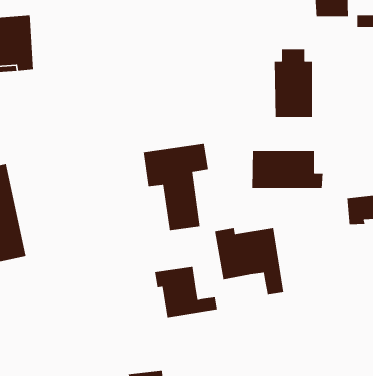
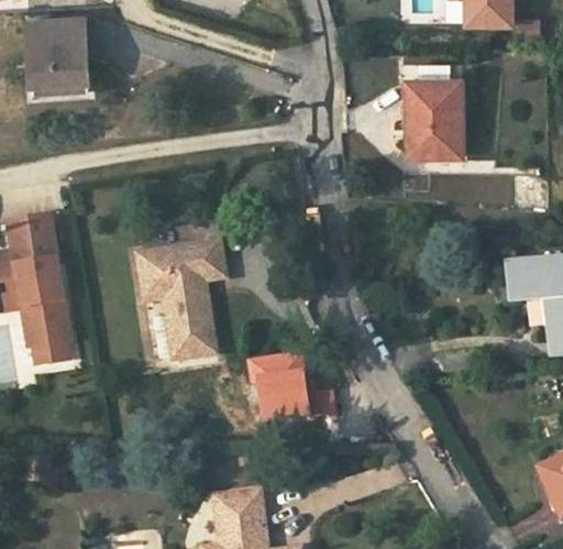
building: [143,143,209,231] -> [136,244,224,362]
building: [252,150,323,189] -> none
building: [214,227,284,295] -> none

